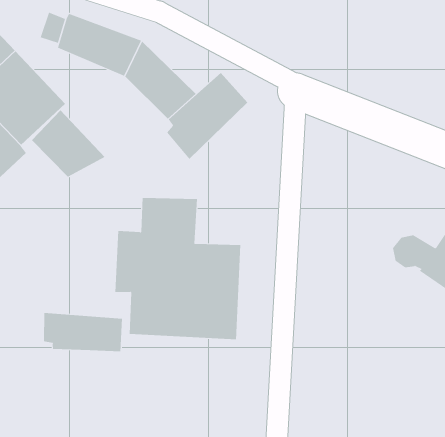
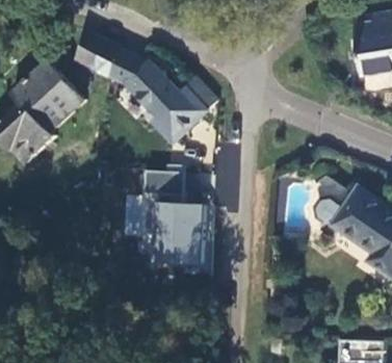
building: [31,110,105,178] -> none
building: [44,312,122,352] -> none

